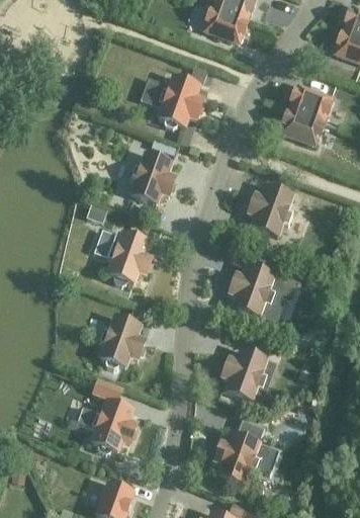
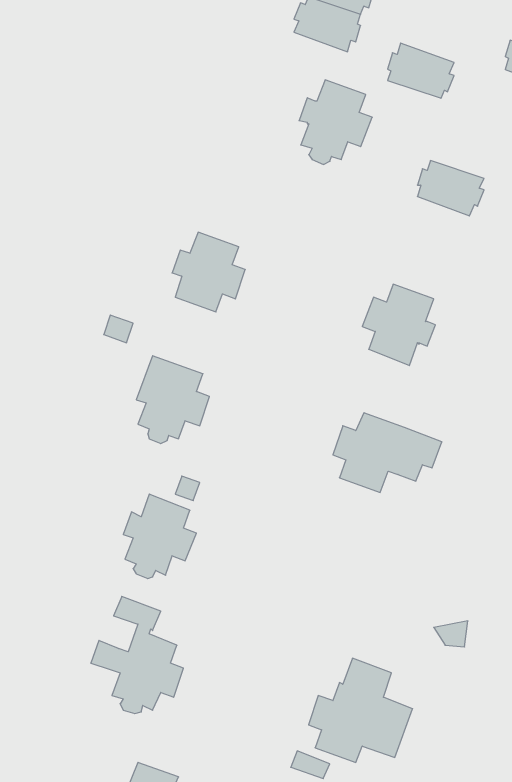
building: [157,76,202,128] -> [299,80,372,164]
building: [289,85,331,119] -> [388,43,454,98]
building: [221,349,267,400] -> none

